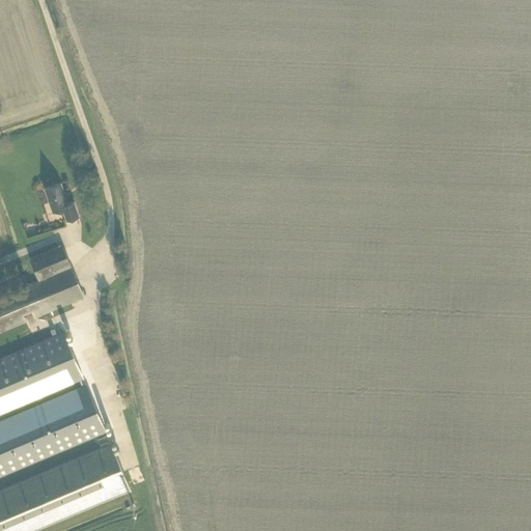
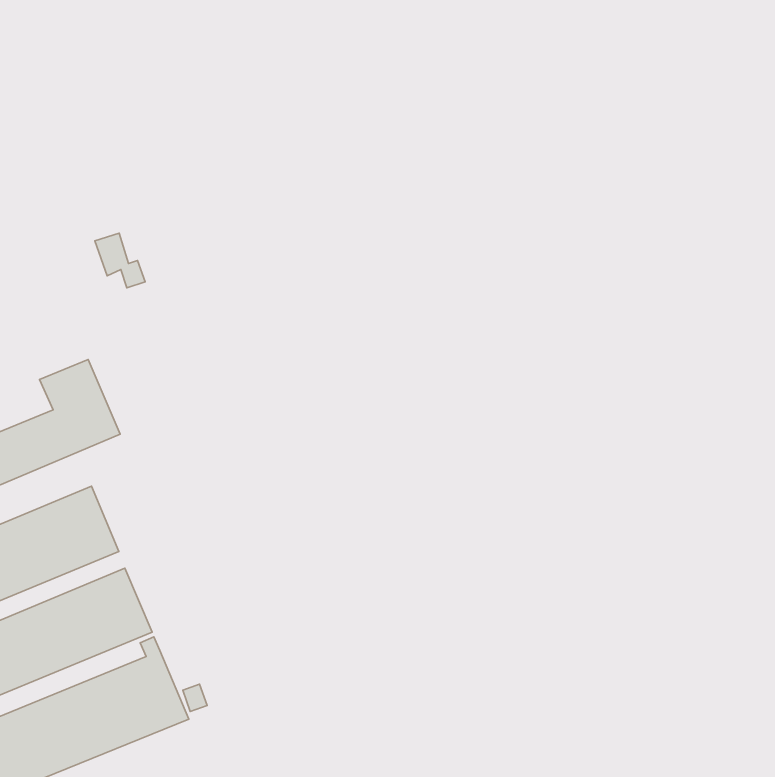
building: [43,184,77,221] -> [95,233,145,288]

